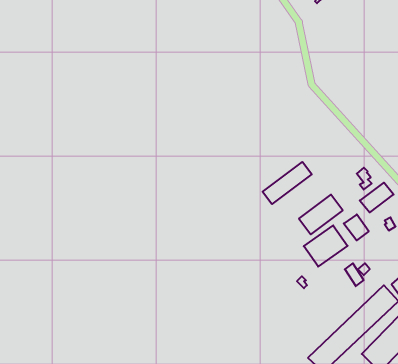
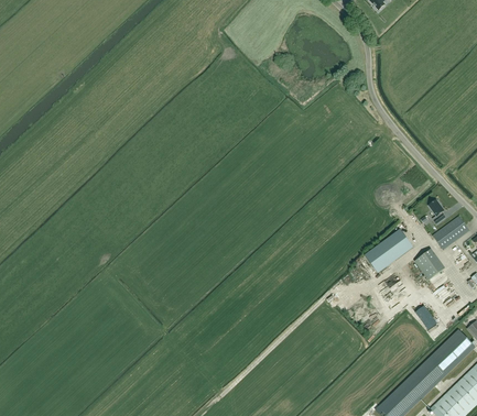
building: [263,162,312,204] -> none
building: [304,225,348,267] -> none

